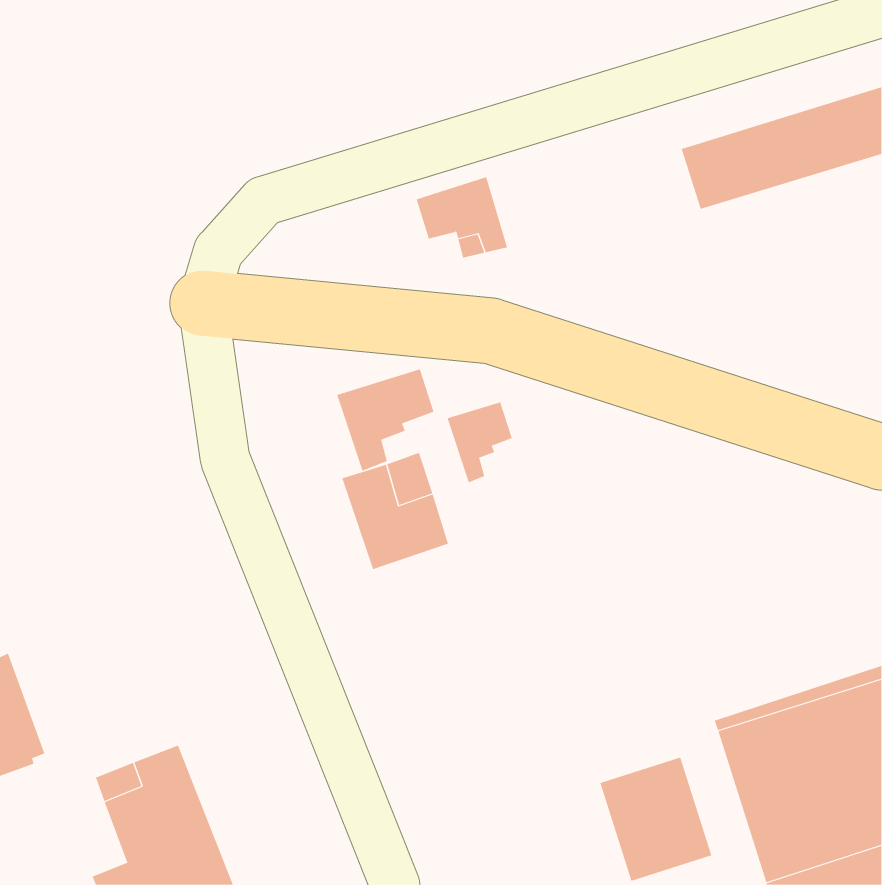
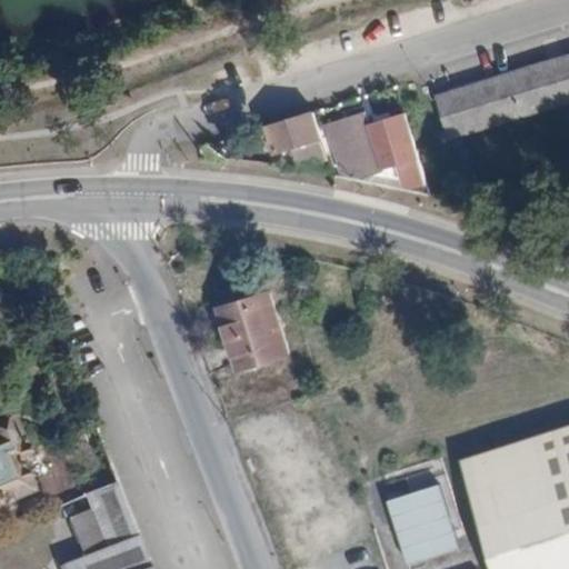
building: none -> [326,110,425,188]
building: [336,368,434,472] -> none
building: [447,401,513,483] -> none

